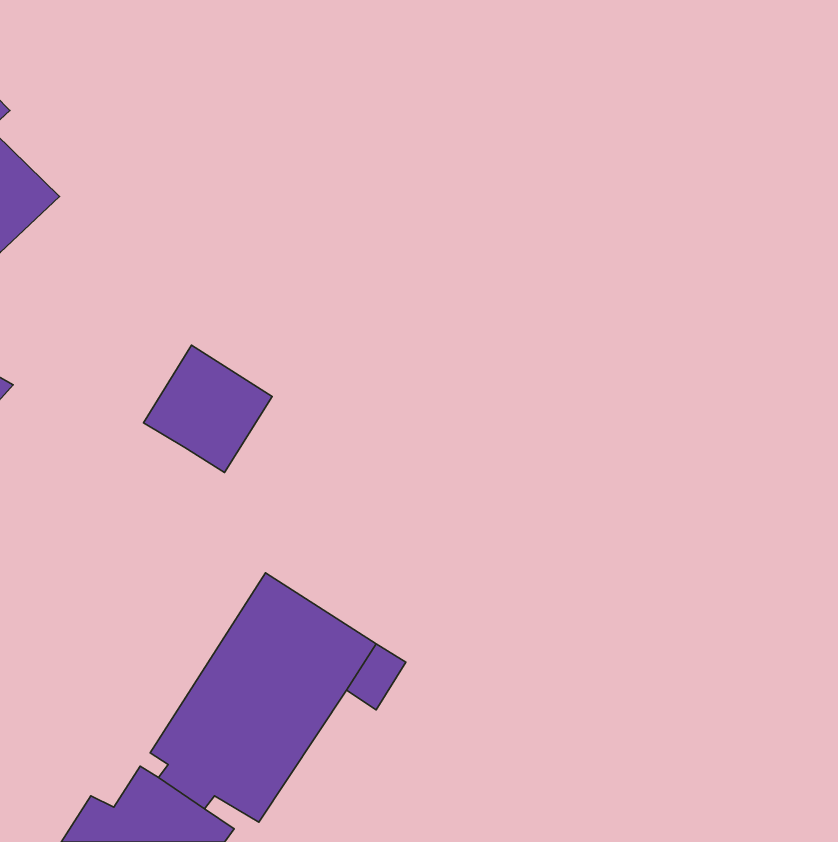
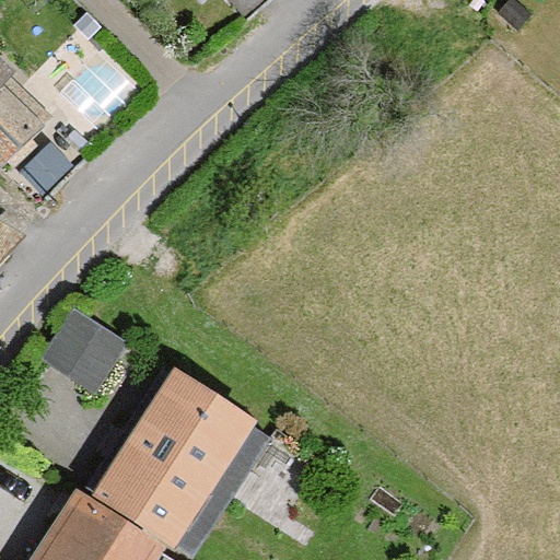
building: [144,345,272,472] -> [38,304,124,388]

